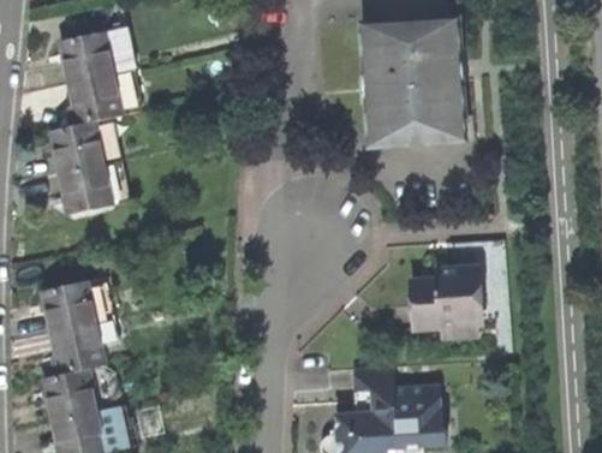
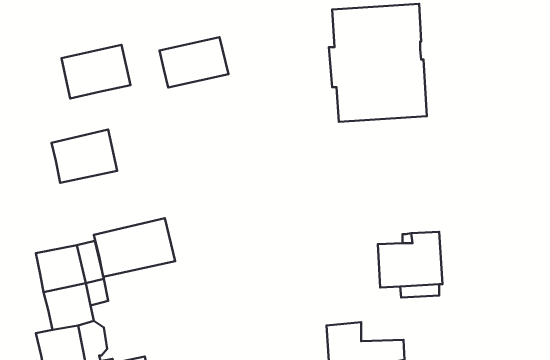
building: [60,26,135,81] -> [159,37,228,87]
building: [49,117,120,172] -> none
building: none -> [94,218,175,277]

